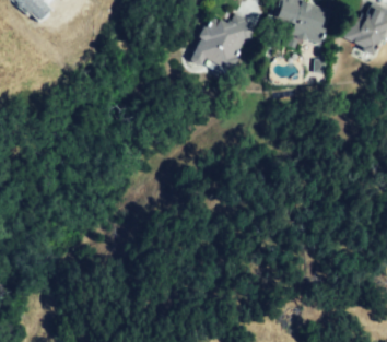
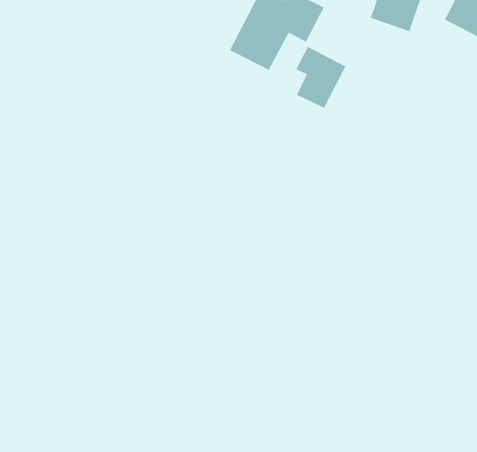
building: none -> [295,46,346,109]

